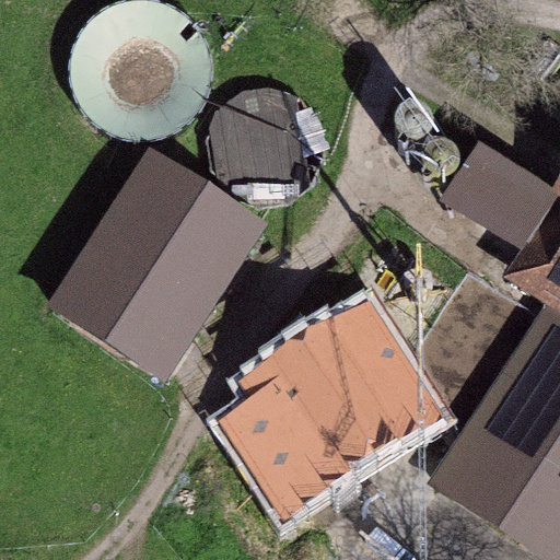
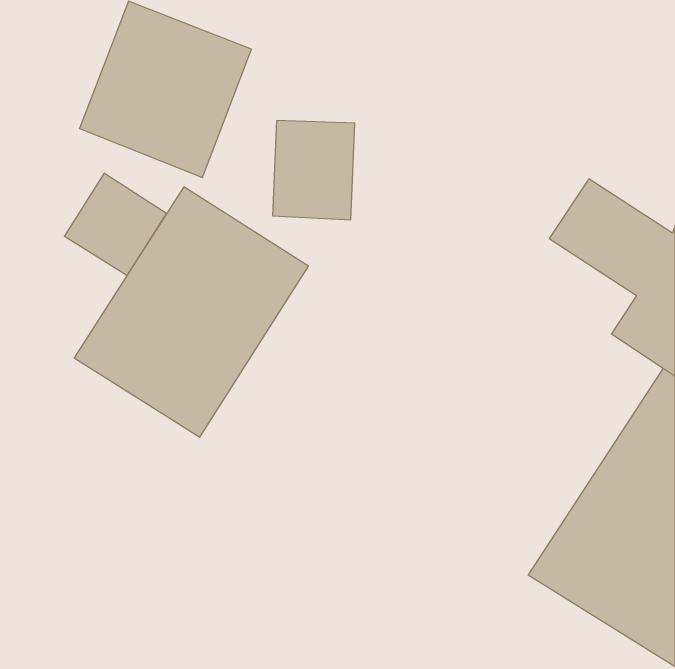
building: none -> [64,173,167,276]
building: [225,306,429,505] -> none

